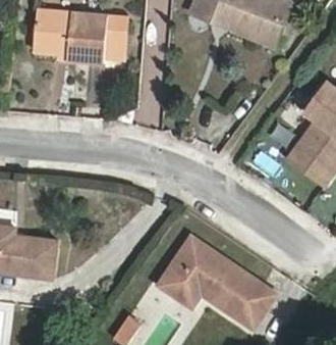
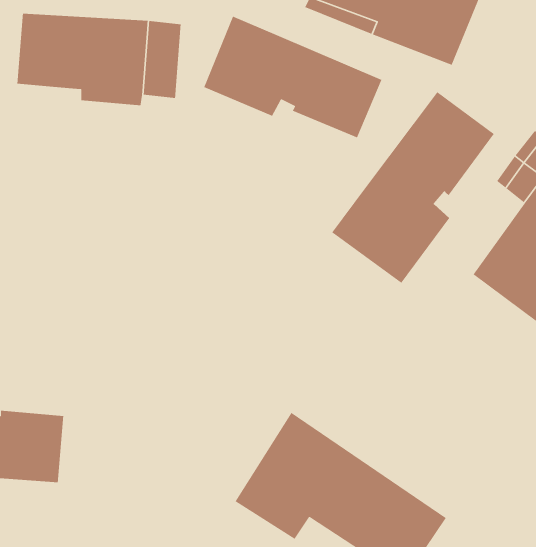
building: none -> [203,16,382,138]
building: none -> [331,91,495,284]

